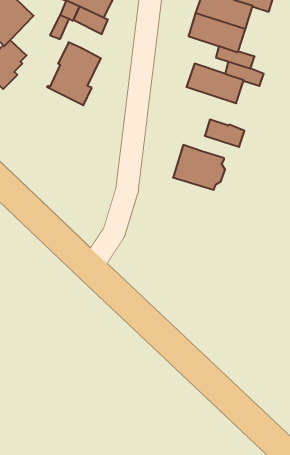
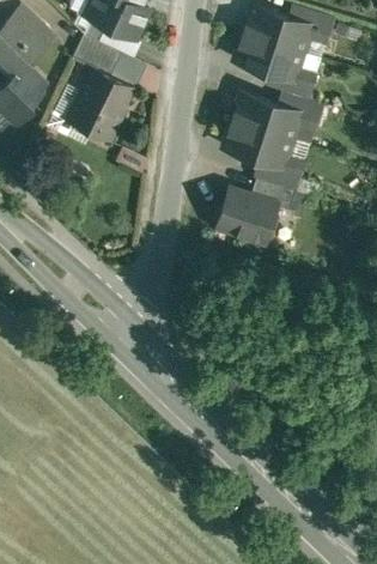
building: none -> [85,41,121,75]
building: none -> [225,121,292,166]
building: none -> [251,178,296,210]

